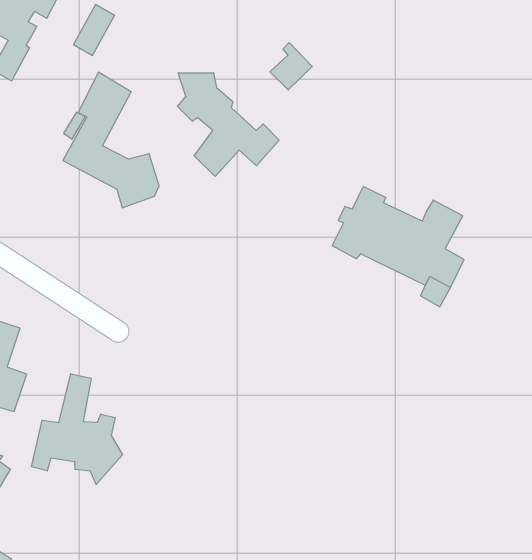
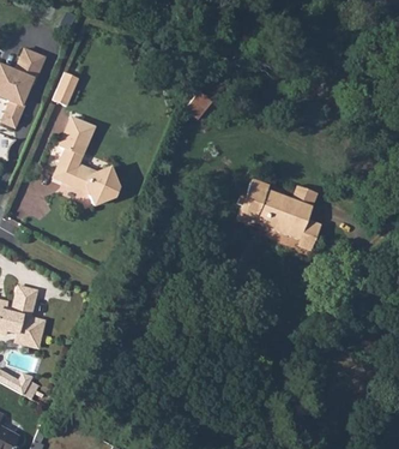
building: [177,73,279,176] -> none
building: [31,374,123,485] -> none

